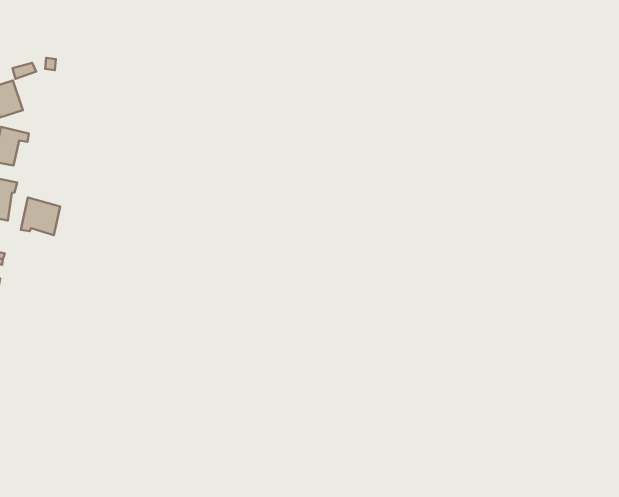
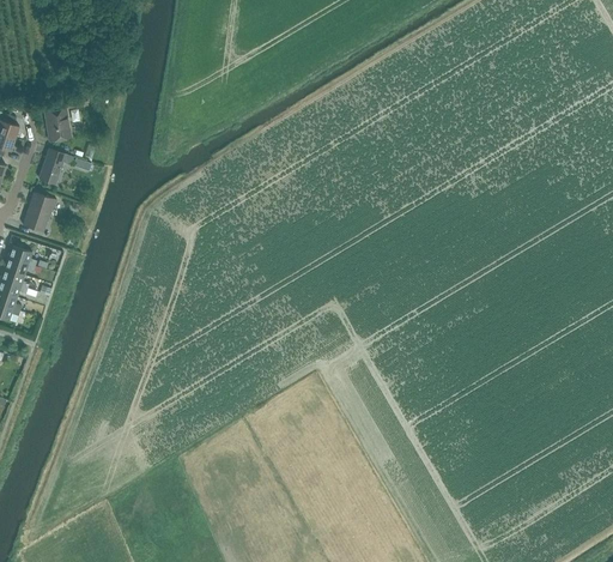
building: [21,198,60,235] -> none

